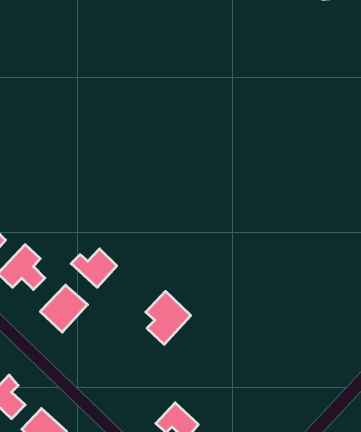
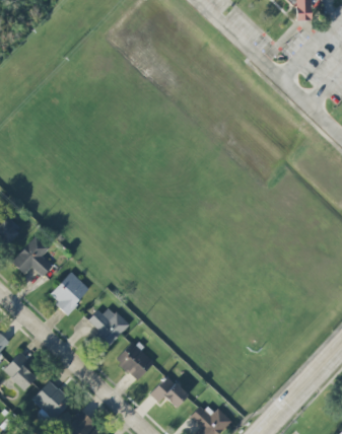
building: [71,249,117,287] -> none
building: [146,291,191,344] -> [89,303,129,350]
building: none -> [116,342,154,380]

